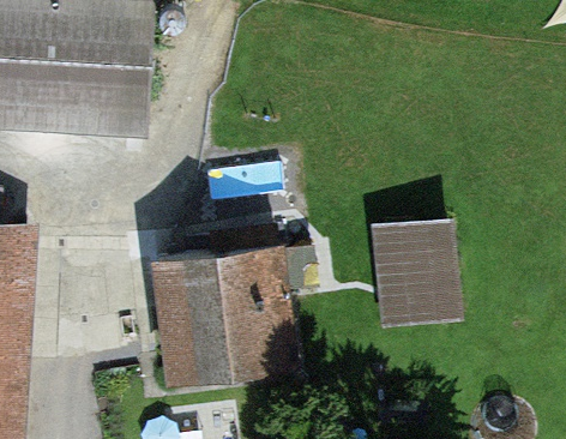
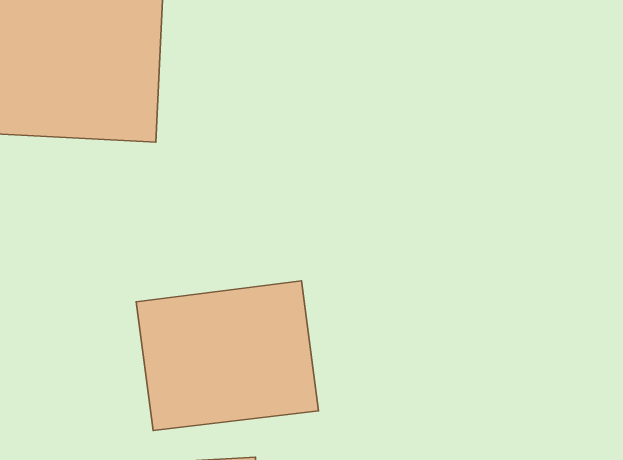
building: [365,215,460,325] -> none

